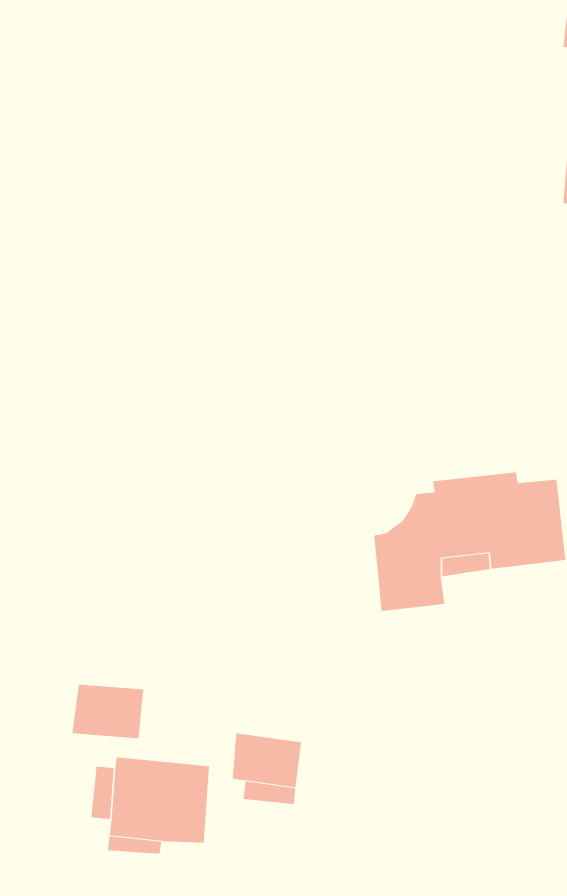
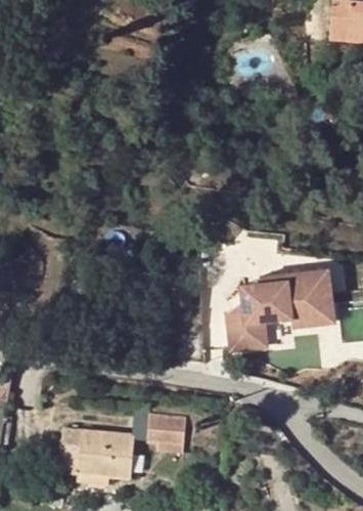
building: [72,684,144,739] -> none

